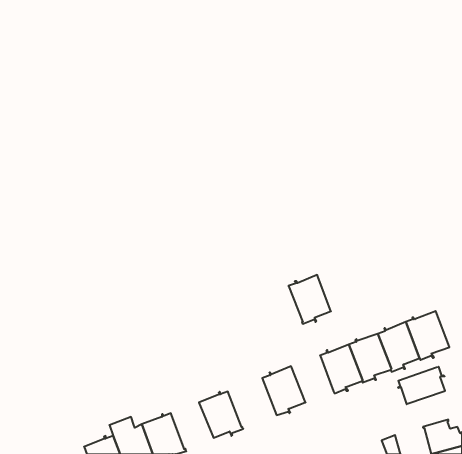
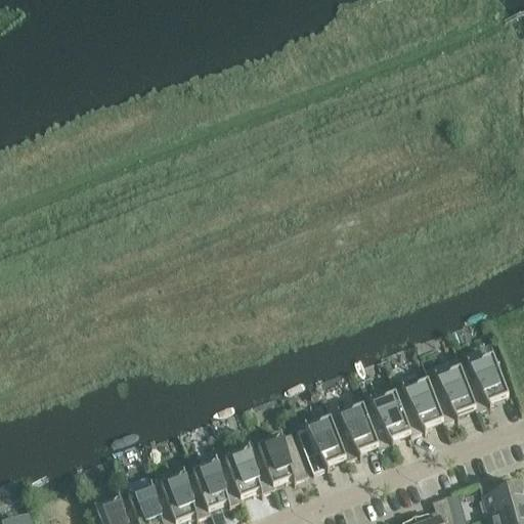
building: [288,275,331,324] -> [330,402,378,457]
building: [398,367,445,404] -> none
building: none -> [258,430,308,483]
building: none -> [193,455,243,509]

